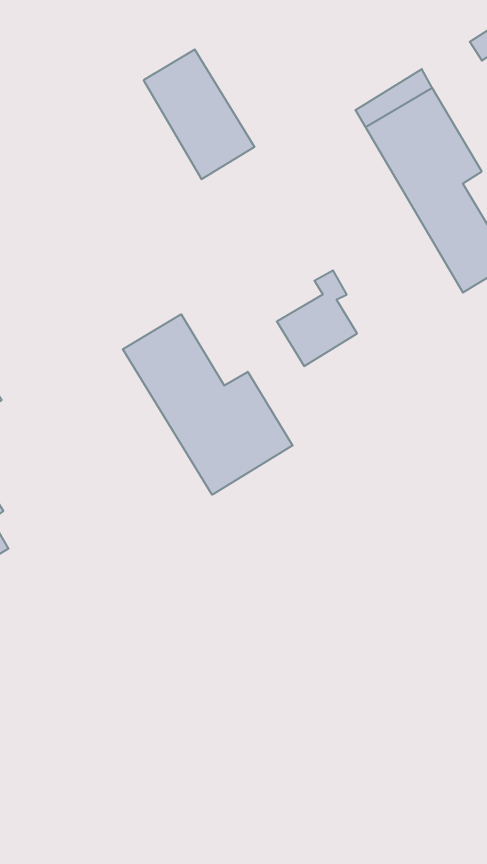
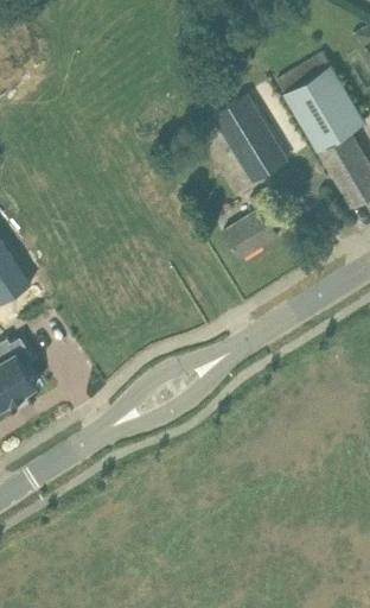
building: [144,49,255,179] -> [211,95,288,185]
building: [123,314,293,495] -> none

